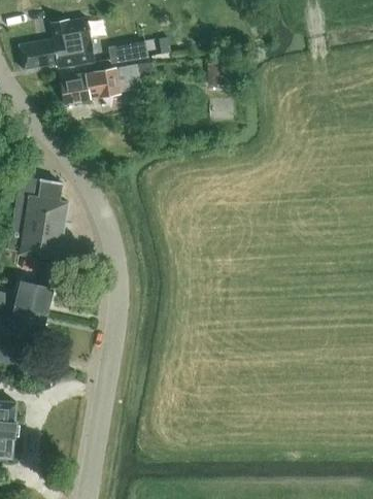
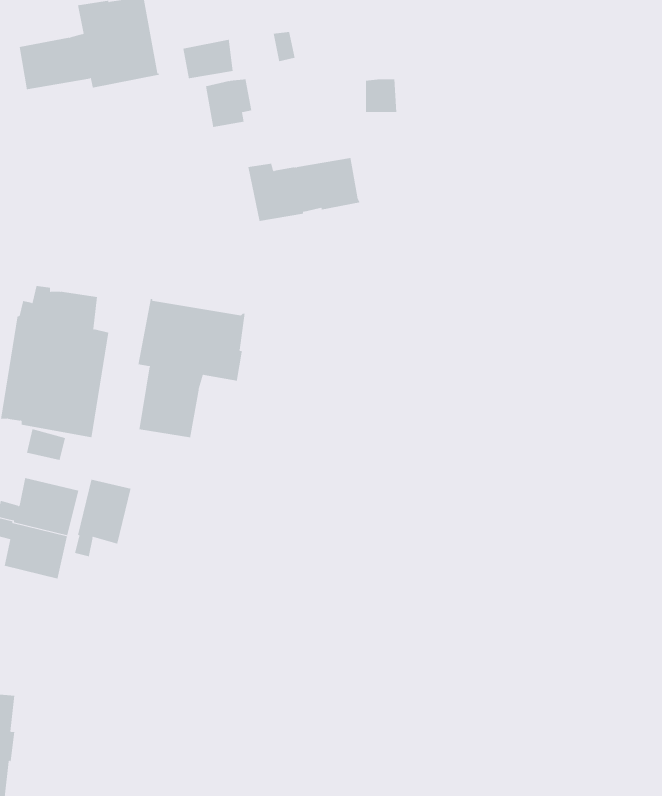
building: [59,68,121,103] -> [248,157,360,221]
building: none -> [138,298,245,438]
building: none -> [75,479,131,557]

